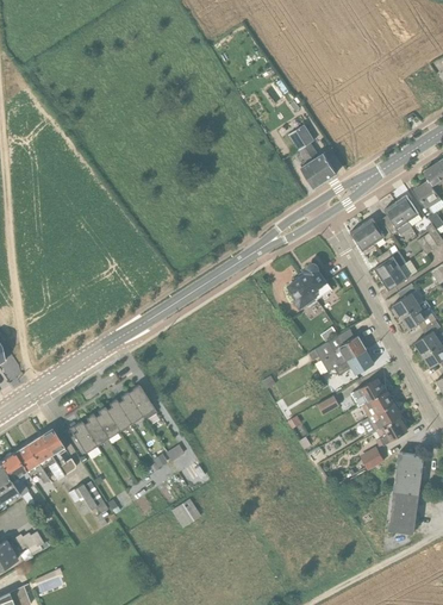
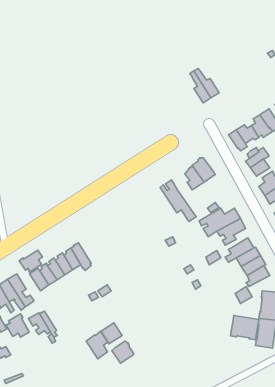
building: none -> [160,180,196,222]
building: none -> [19,250,43,272]
building: none -> [6,314,29,337]
building: none -> [230,316,259,340]
building: none -> [86,331,108,359]
building: none -> [112,341,134,363]

